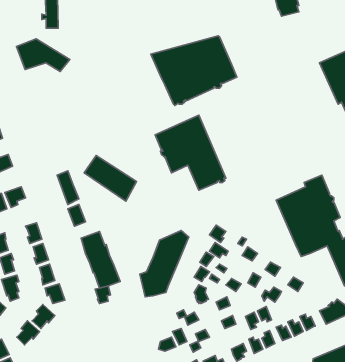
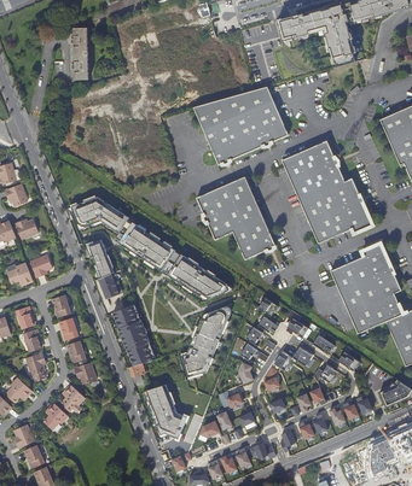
building: [17,39,70,72] -> [69,194,128,230]
building: none -> [280,139,372,241]
building: none -> [166,252,231,299]
building: none -> [145,383,187,435]

